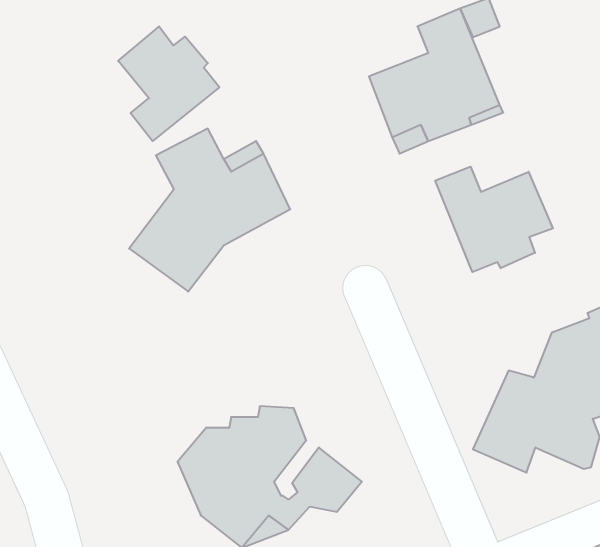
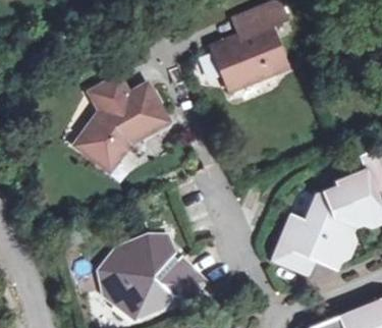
building: [118,26,219,141] -> none
building: [435,167,553,272] -> none

